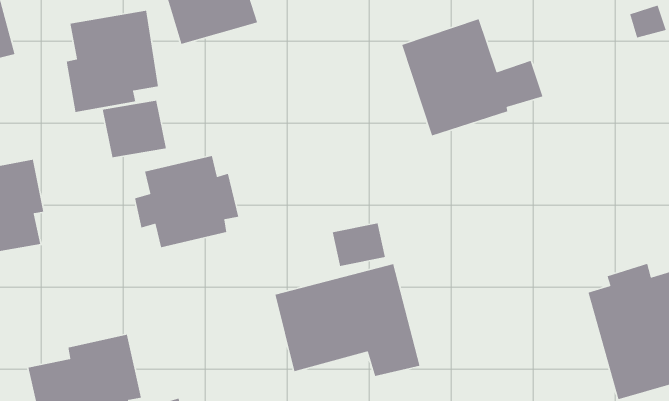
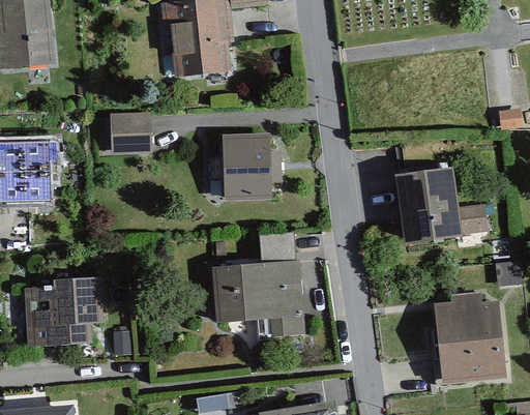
building: [66,10,159,113] -> none
building: [401,18,543,137] -> [392,166,488,244]
building: [134,155,239,248] -> [211,139,284,199]

